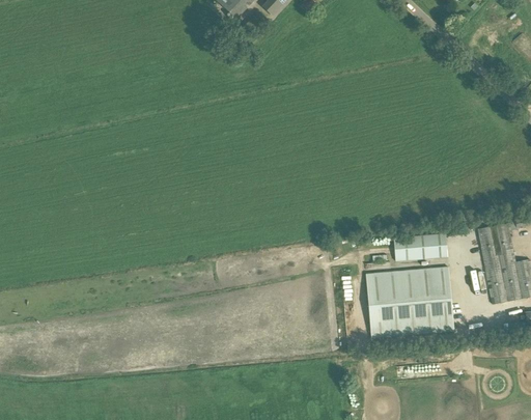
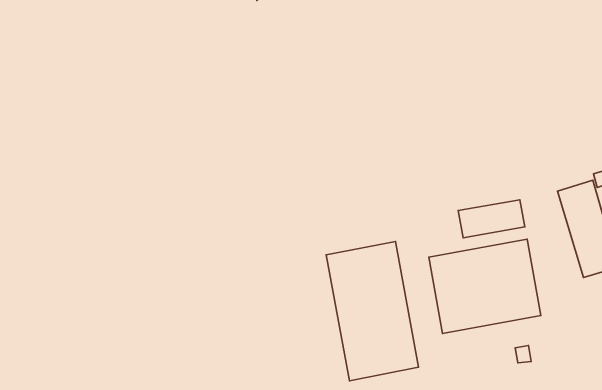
building: none -> [326,241,419,381]

